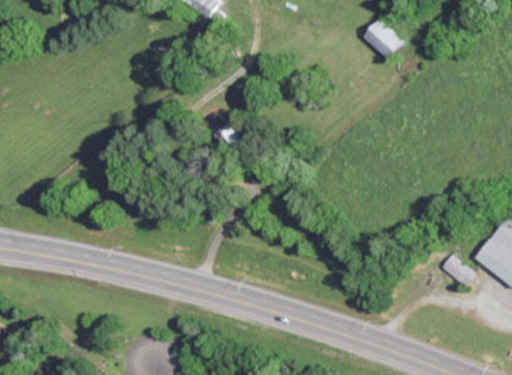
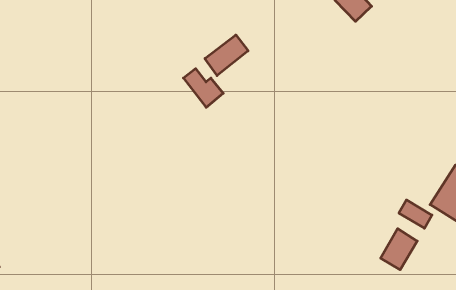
building: none -> [205,35,248,76]
building: none -> [381,229,417,270]

